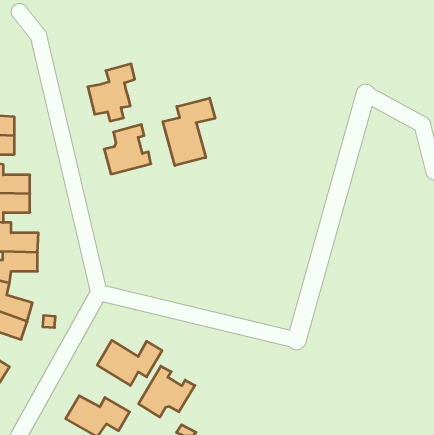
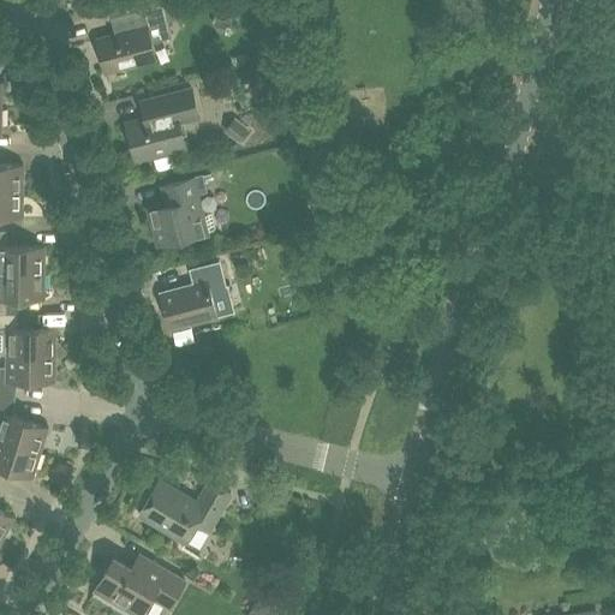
building: none -> [95,6,169,73]
building: [163,98,215,166] -> none
building: none -> [159,264,222,330]
building: [139,366,195,417] -> none

